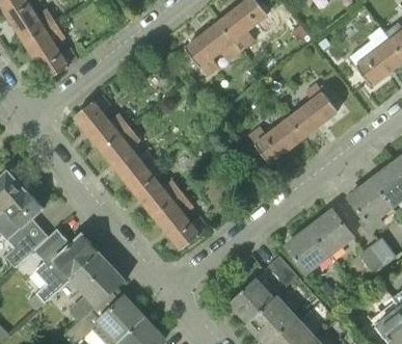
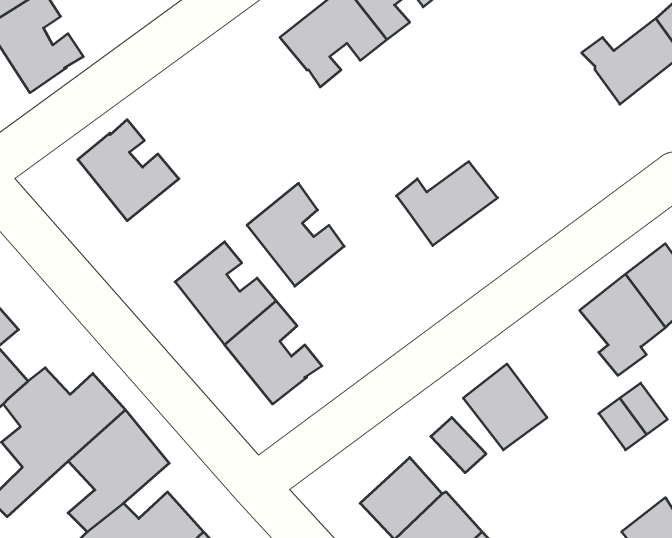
building: [288,82,338,136] -> none
building: [102,126,155,182] -> [247,183,344,286]
building: [309,209,354,256] -> none

